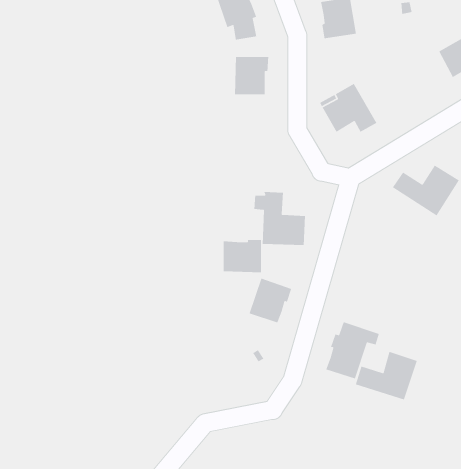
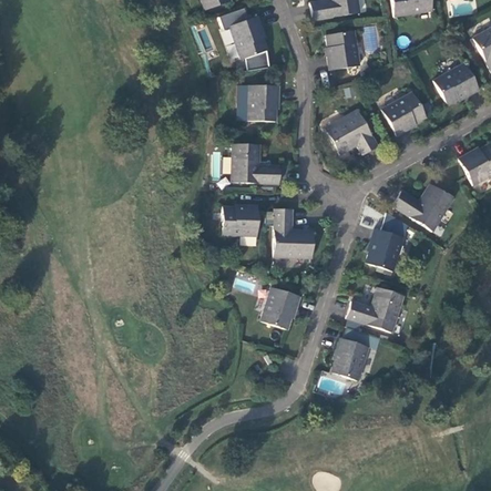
building: none -> [381,92,426,136]
building: none -> [231,143,279,184]
building: none -> [366,228,403,272]
building: [223,239,262,273] -> [222,205,257,236]
building: [355,351,418,401] -> [346,287,403,333]

